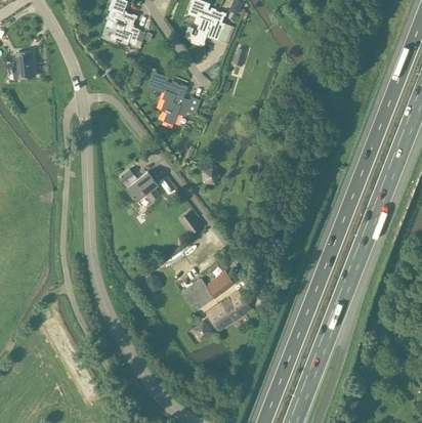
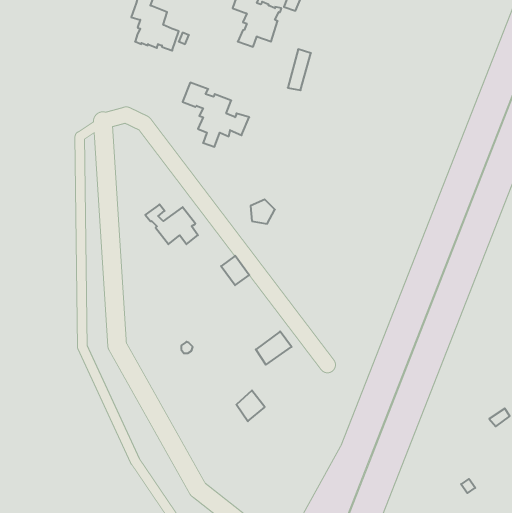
building: [17,51,36,78] -> none
building: [181,278,215,311] -> none
building: [207,290,252,332] -> none

